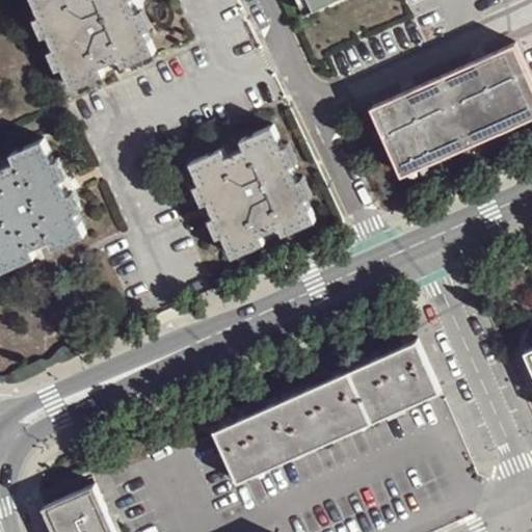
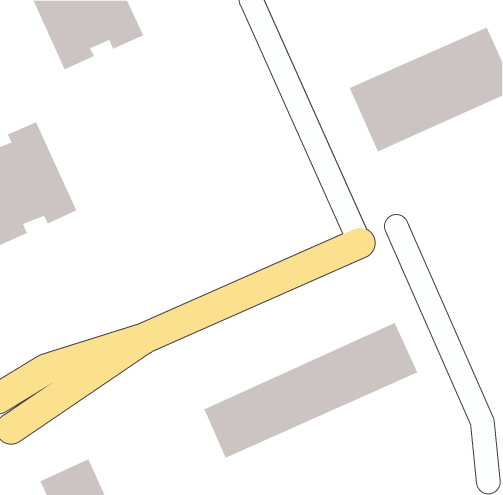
building: [188,122,313,256] -> none

